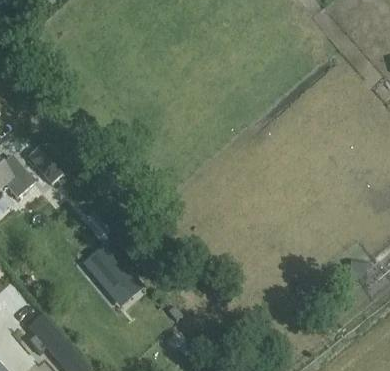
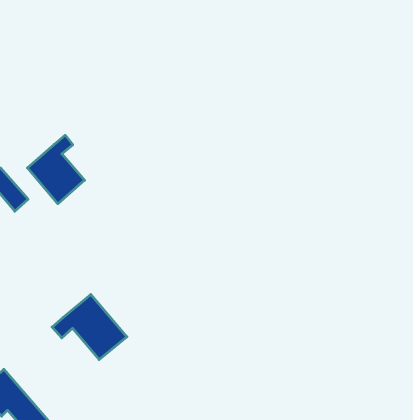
building: none -> [27,135,85,204]

